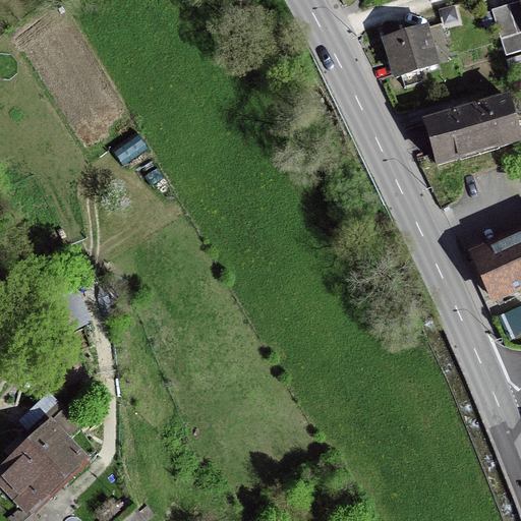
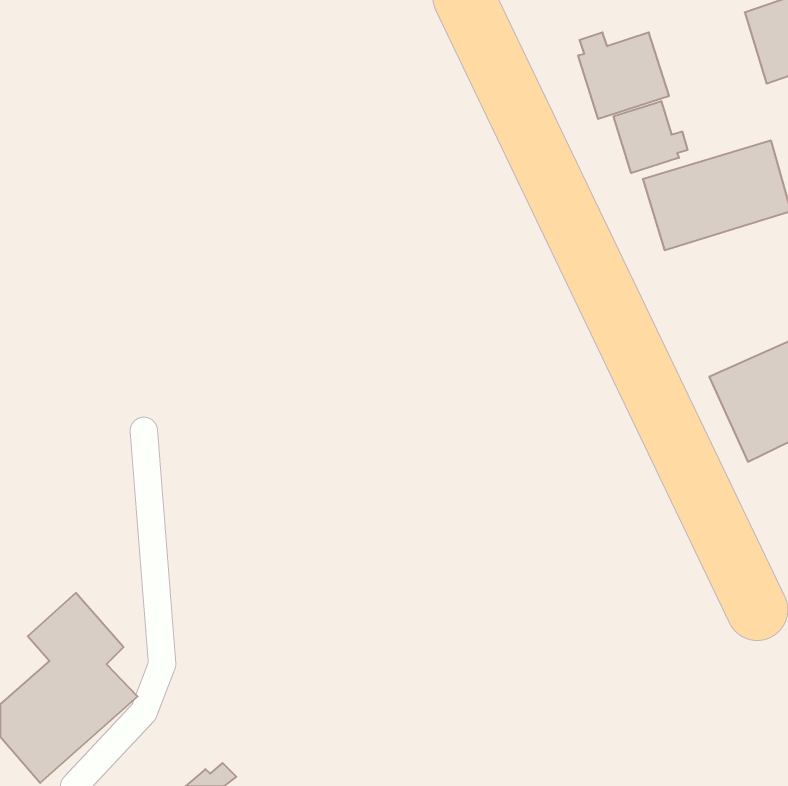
building: none -> [614,101,688,173]

